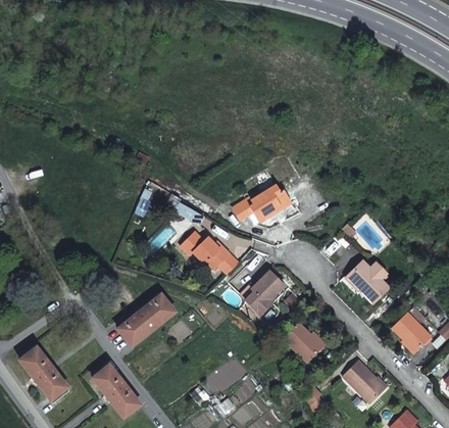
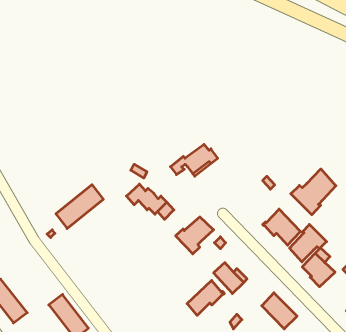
building: none -> [291,169,336,215]
building: none -> [290,224,327,262]
building: [116,292,172,344] -> [56,185,103,229]
building: none -> [187,280,224,315]

